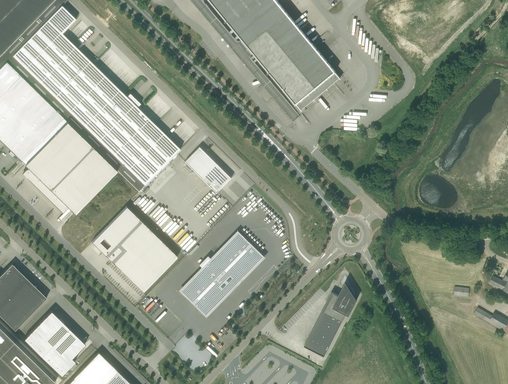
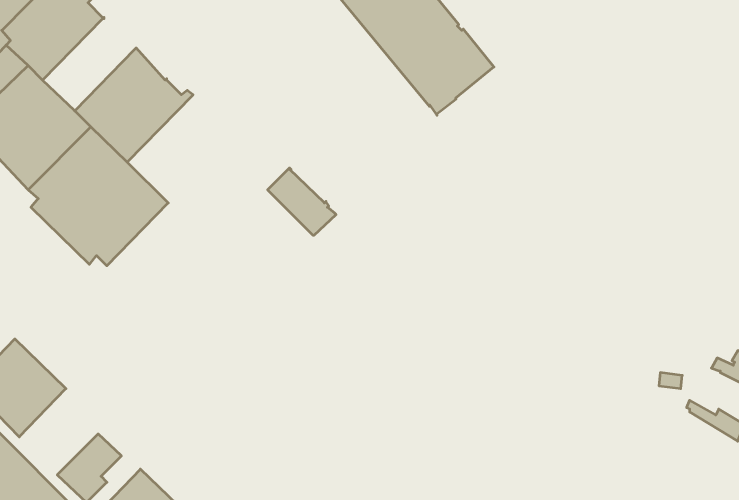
building: [30,43,94,107] -> none
building: [88,96,180,191] -> none
building: [91,206,177,292] -> none
building: [180,232,261,314] -> none
building: [303,282,356,356] -> none
building: [23,310,68,356] -> none

